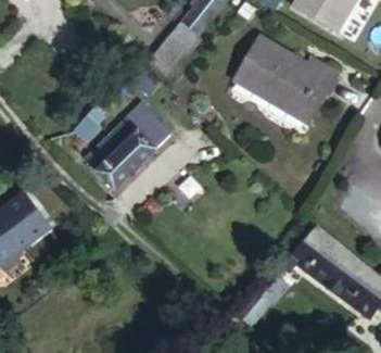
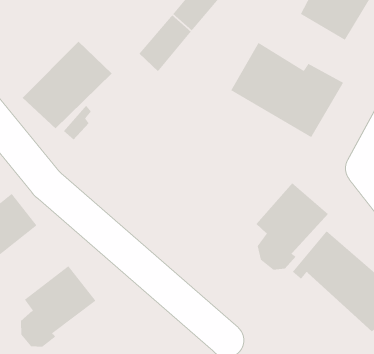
building: [85,104,169,187] -> [22,41,112,129]
building: none -> [255,182,329,270]
building: none -> [20,265,96,347]

